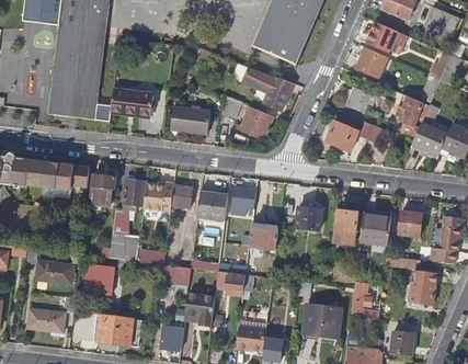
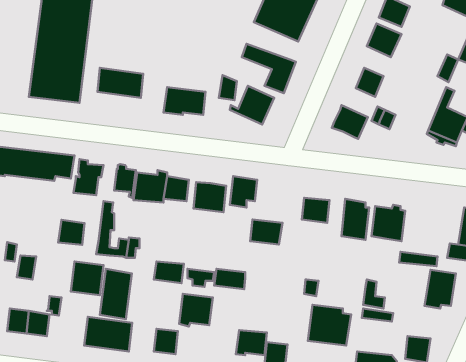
building: [395,94,421,134] -> none
building: [398,211,422,237] -> none
building: [50,260,75,283] -> [58,220,84,245]
building: none -> [100,269,132,319]

